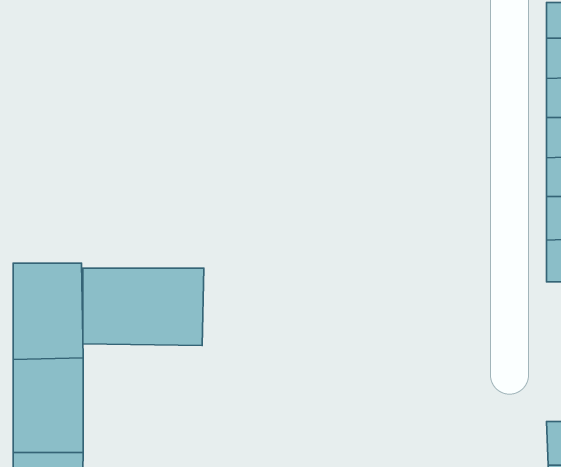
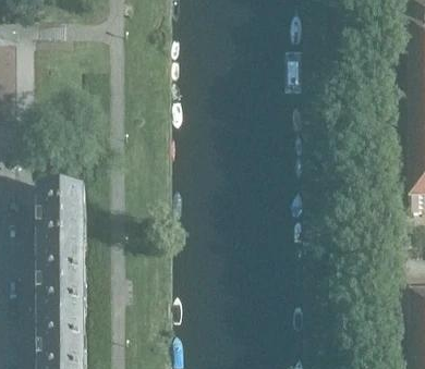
building: [83,268,204,345] -> none

